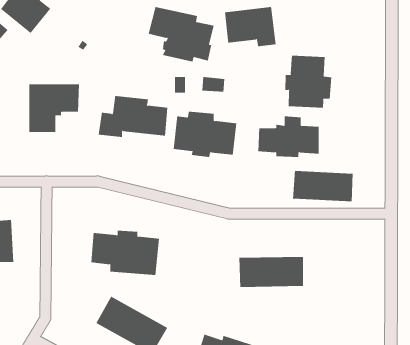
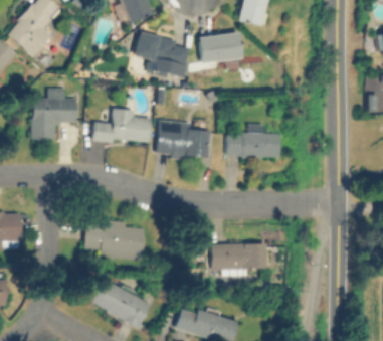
building: [285,55,332,109] -> none
building: [292,170,353,202] -> none

